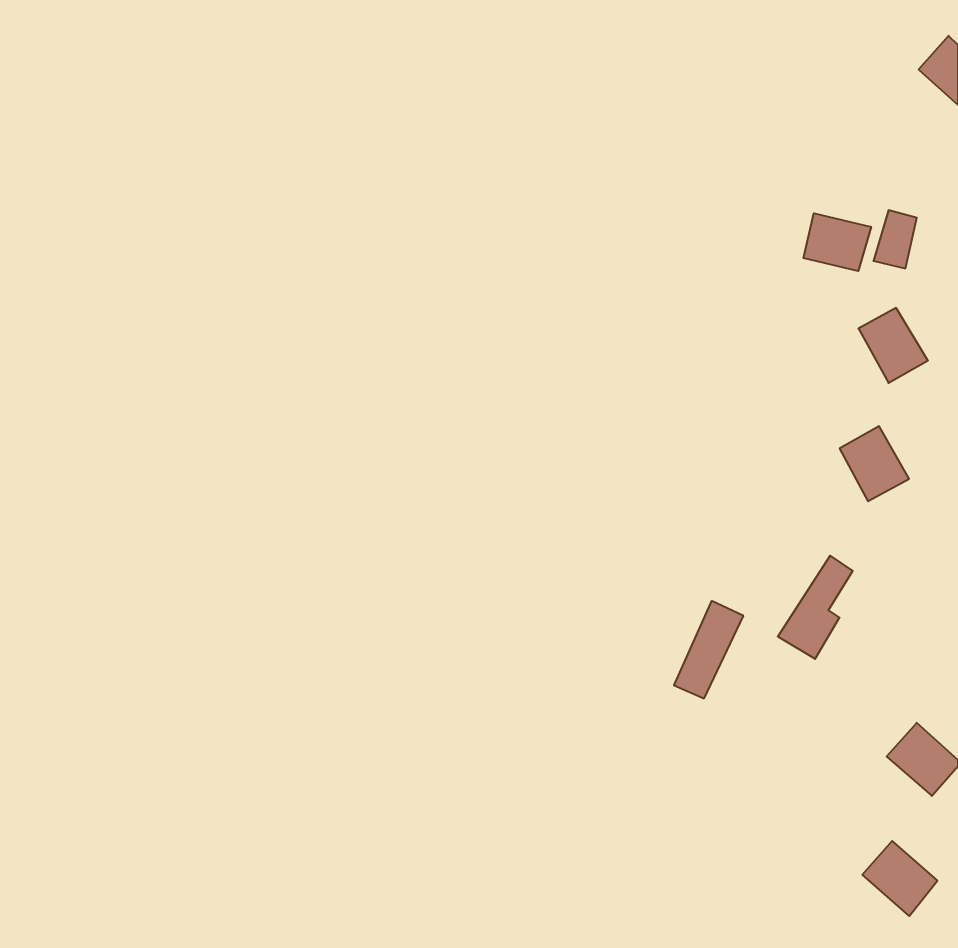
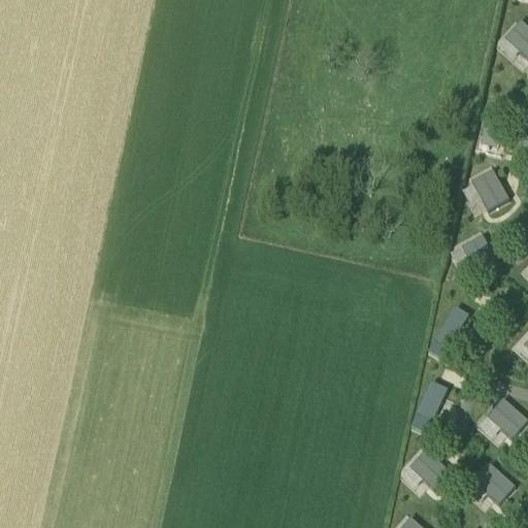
building: [803,213,871,271] -> none
building: [674,601,743,698] -> [410,380,449,433]
building: none -> [409,449,452,488]

